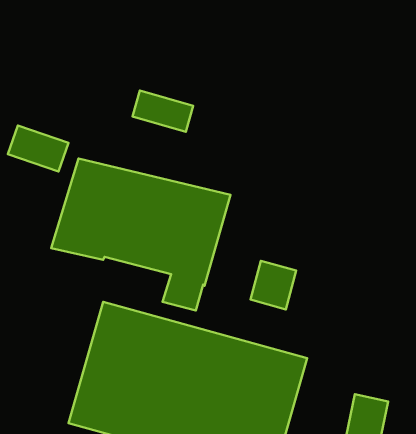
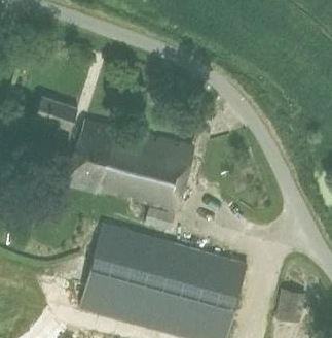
building: [133,91,193,132] -> none
building: [250,261,296,309] -> none

